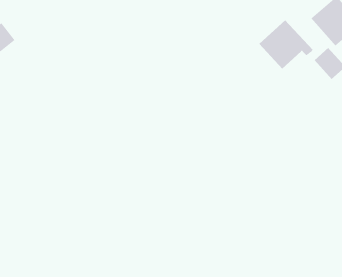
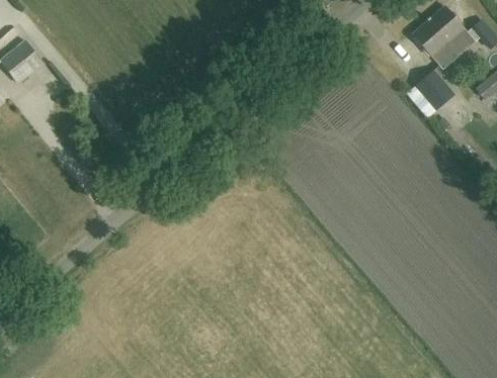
building: [258,20,313,70] -> none

